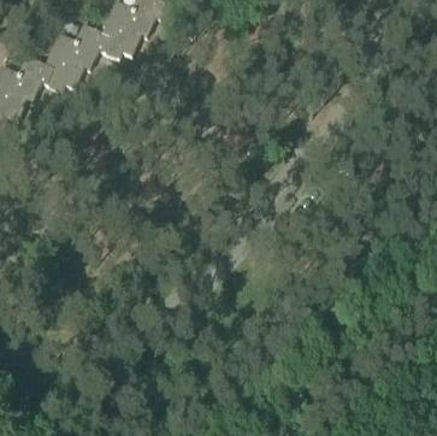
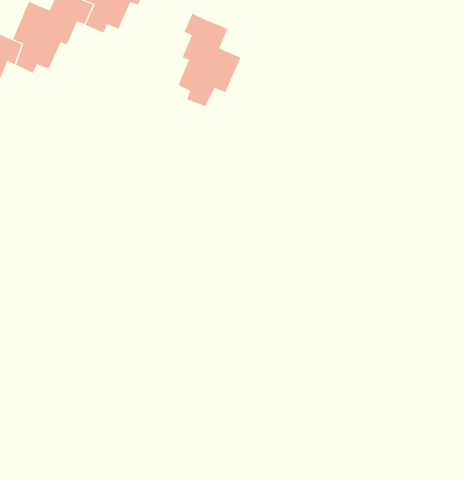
building: none -> [178,13,241,107]

